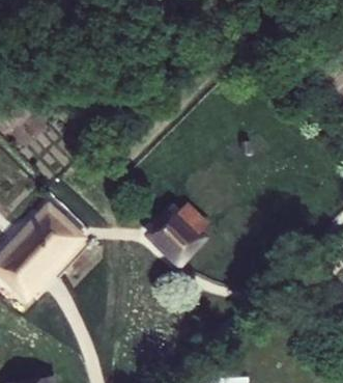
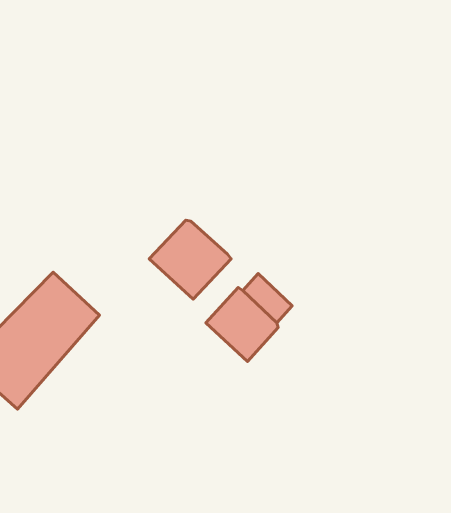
building: none -> [149,220,231,299]

